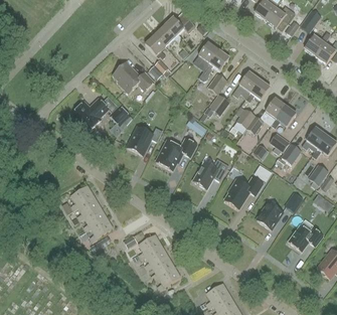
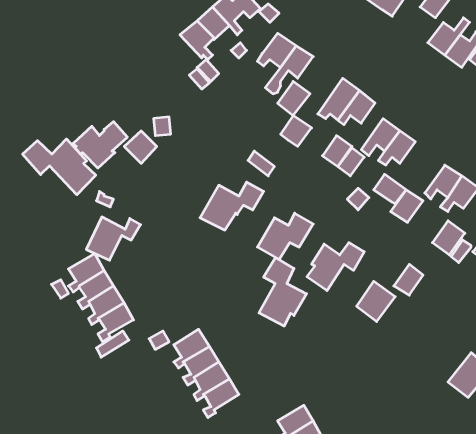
building: [112,61,155,94] -> none
building: none -> [23,139,96,195]
building: [128,126,163,154] -> [86,217,141,260]
building: none -> [259,258,307,326]
building: [289,225,323,251] -> none

